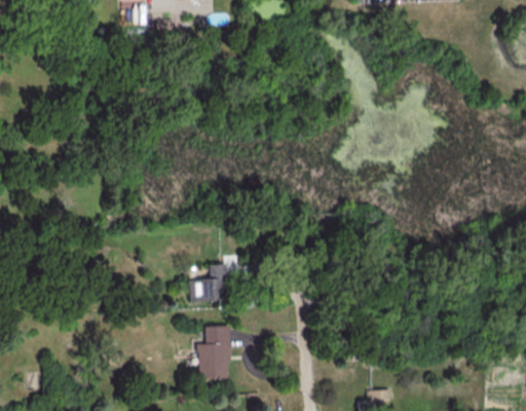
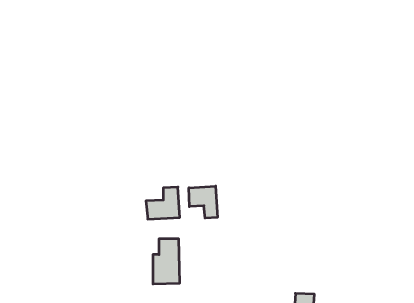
building: none -> [189,186,217,218]

